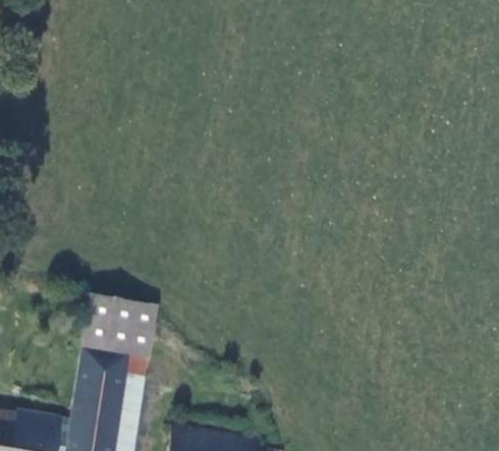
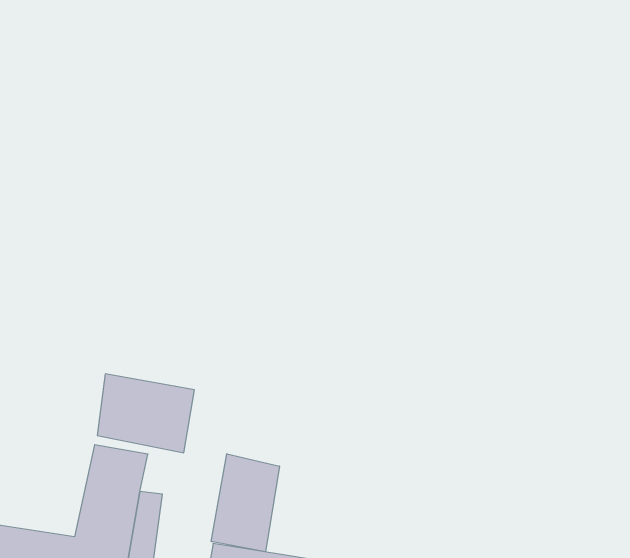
building: none -> [211,454,279,552]

